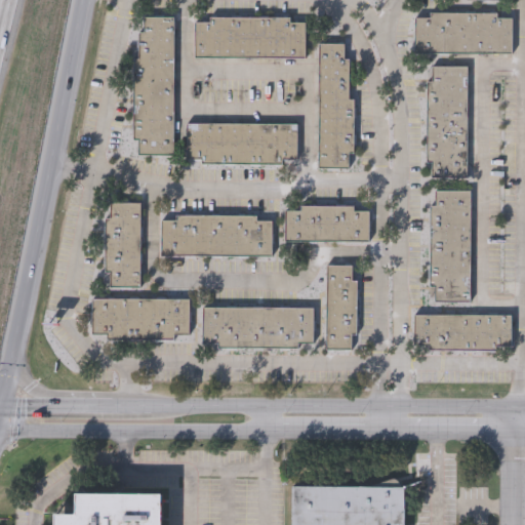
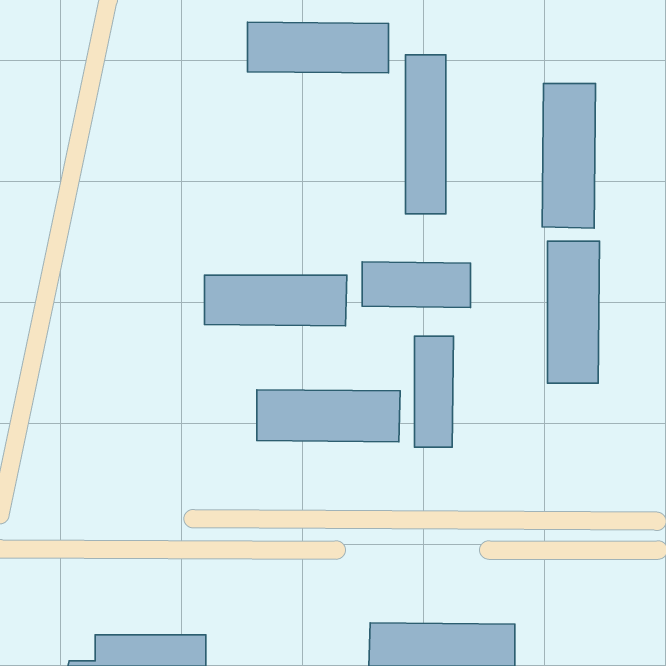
building: [415,12,513,52] -> none
building: [134,16,175,155] -> none
building: [186,122,298,163] -> none
building: [106,202,142,287] -> none
building: [91,298,190,337] -> none
building: [413,314,514,351] -> none

